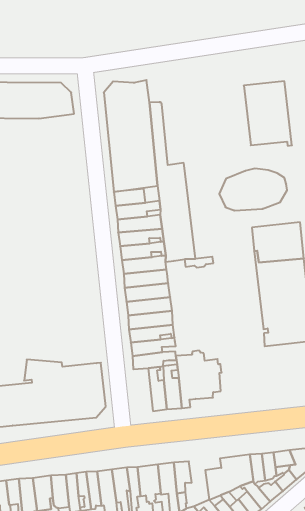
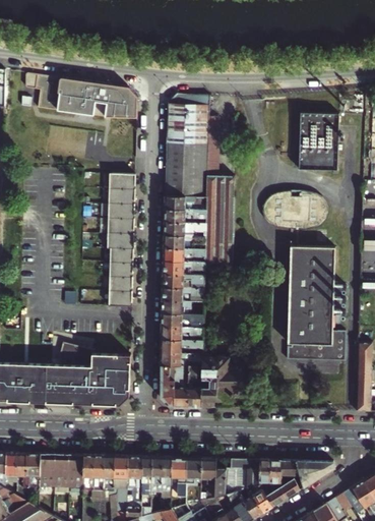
building: none -> [107,174,134,307]
building: none -> [159,365,174,407]
building: none -> [199,459,214,502]

